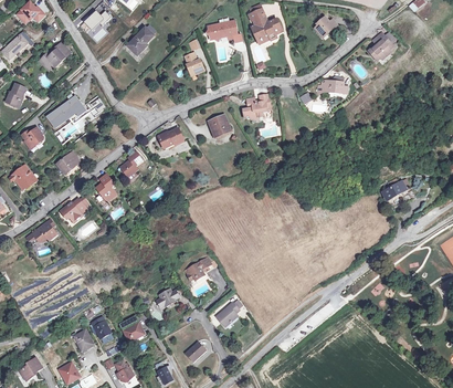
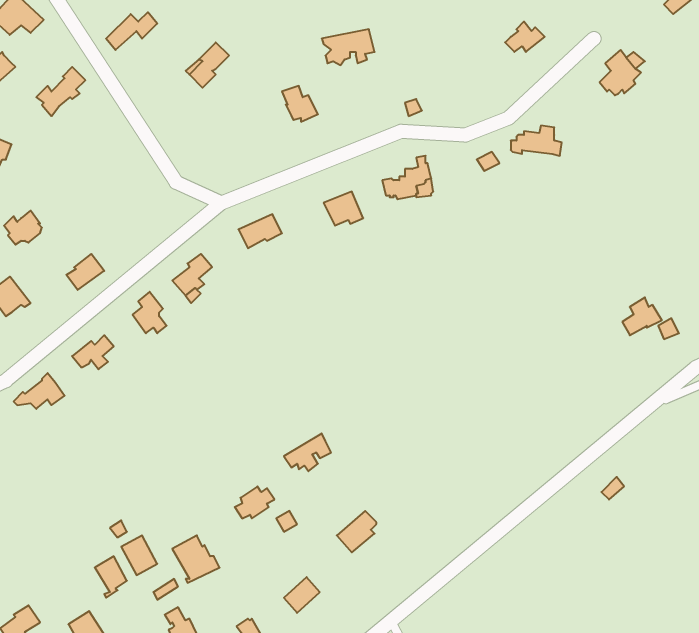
building: [250,9,282,41] -> none
building: [48,96,86,127] -> none

